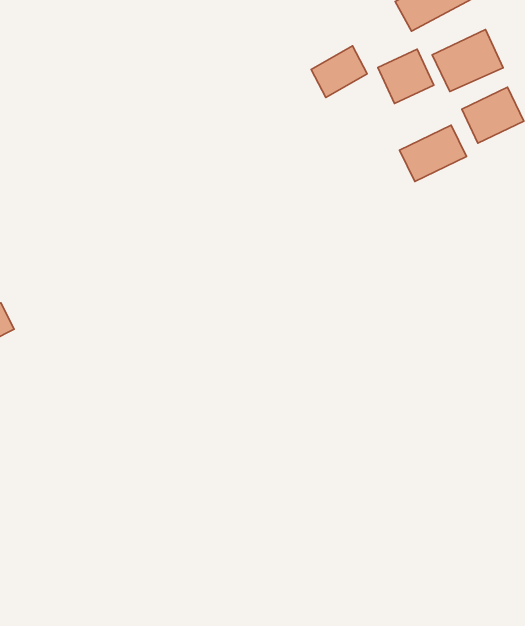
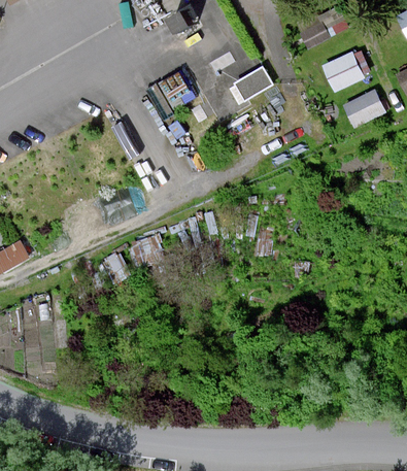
building: [378,49,434,103] -> none
building: [399,125,467,181] -> none

